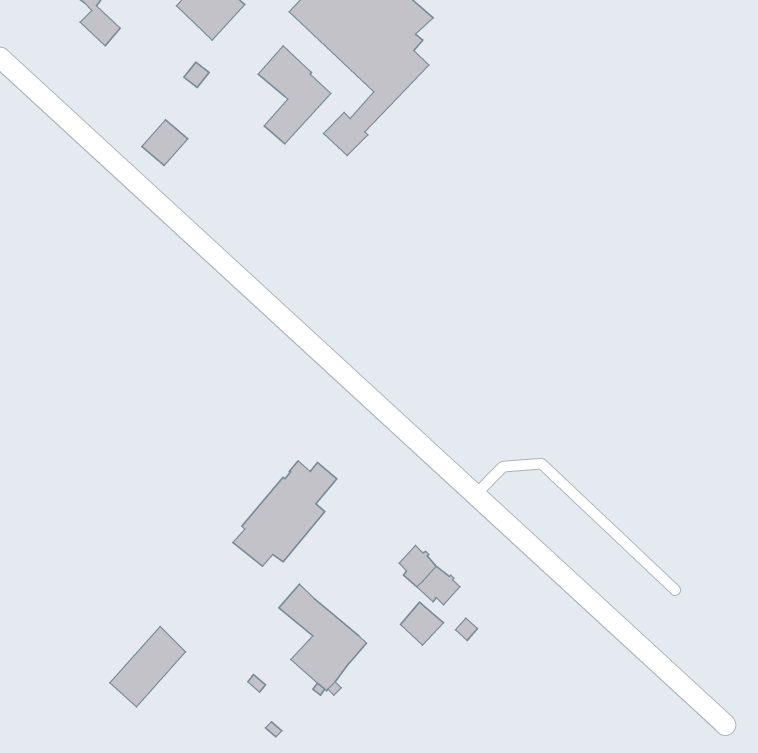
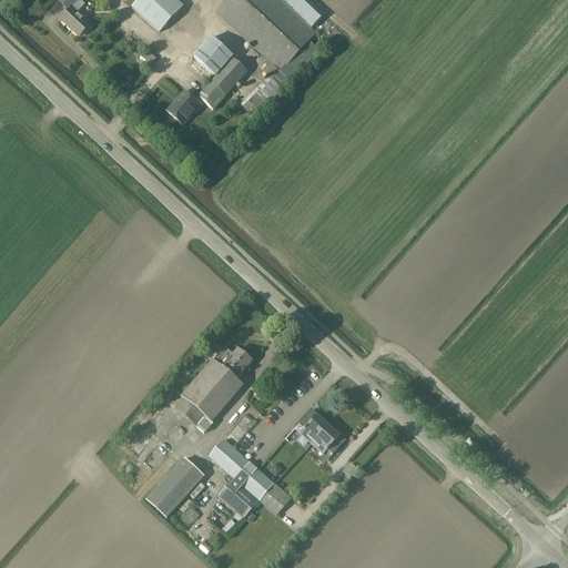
building: [142,120,188,166] -> [166,89,201,123]
building: [400,602,443,645] -> [260,481,292,514]
building: [110,627,185,707] -> [146,456,203,516]

